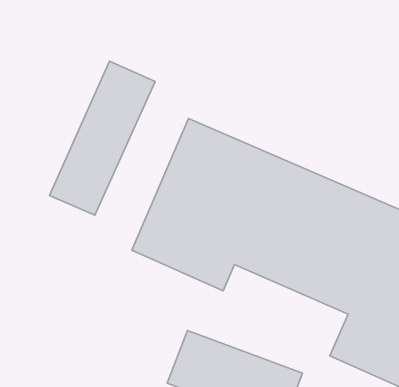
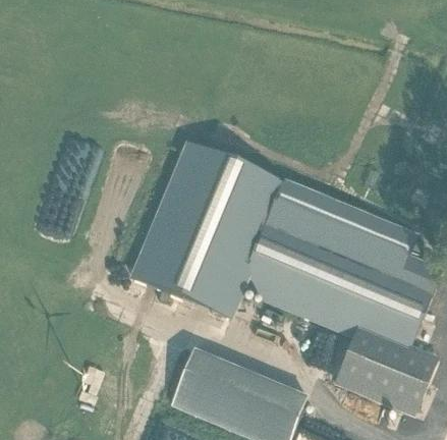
building: [50,61,155,215] -> none

